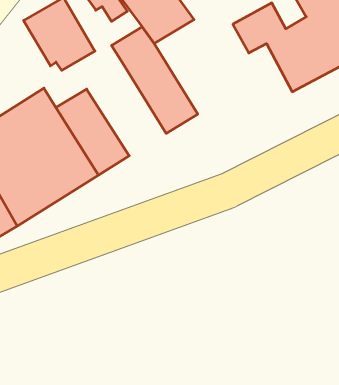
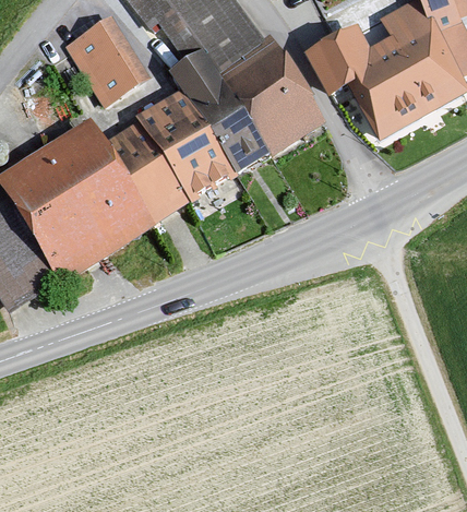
building: none -> [219,38,326,157]
building: none -> [136,90,234,202]

